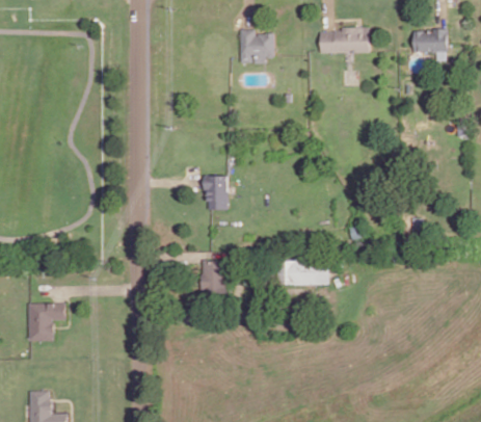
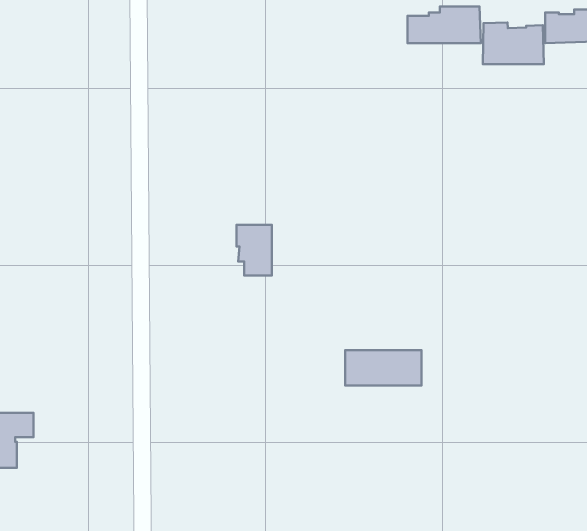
building: [239,30,273,64] -> none
building: none -> [483,22,544,64]
building: [202,261,226,299] -> none

